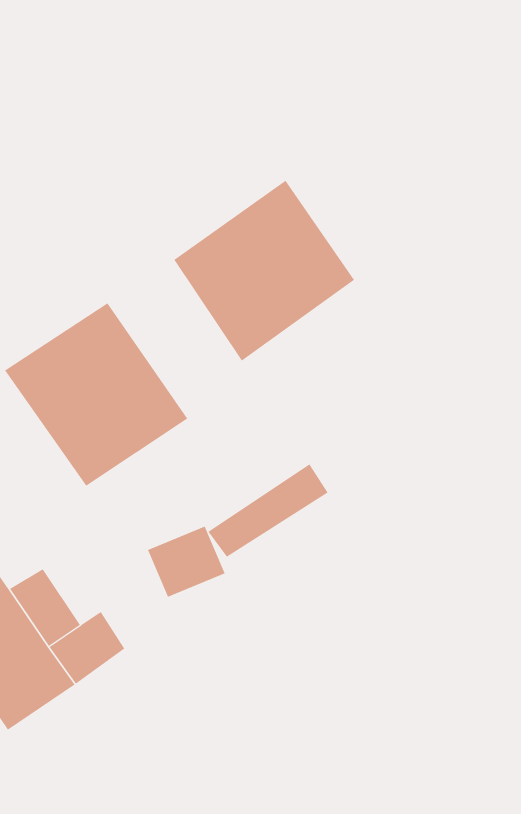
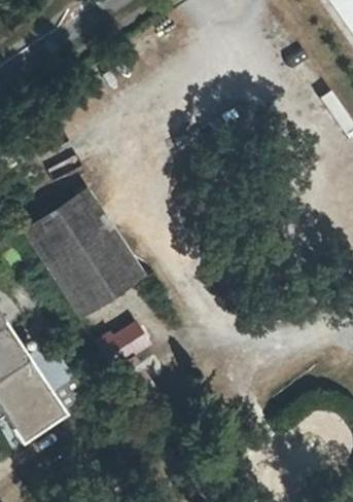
building: [173,180,355,361] -> none
building: [208,464,329,557] -> [68,256,141,313]

